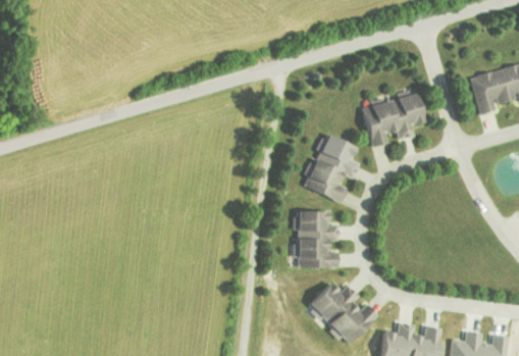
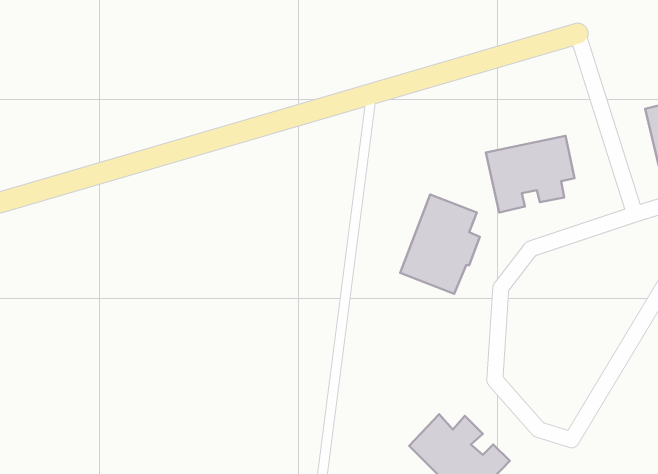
building: [297,212,338,268] -> none

